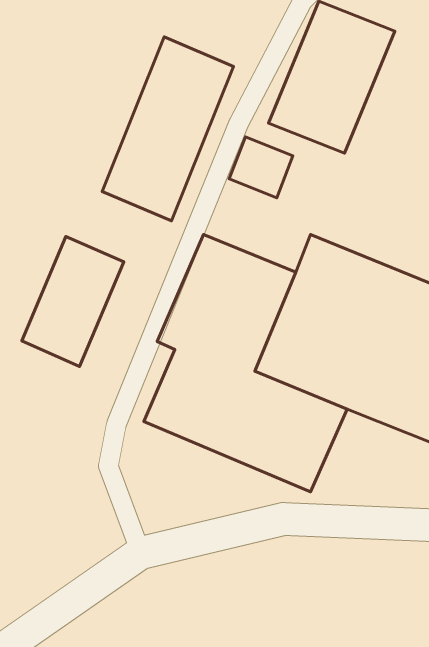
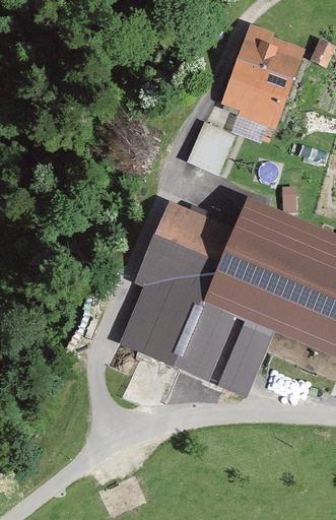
building: [102,37,233,221] -> none
building: [22,236,124,366] -> none

